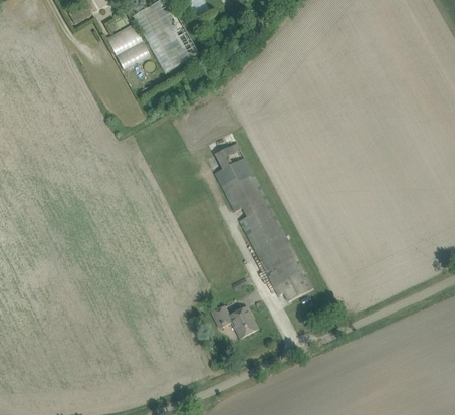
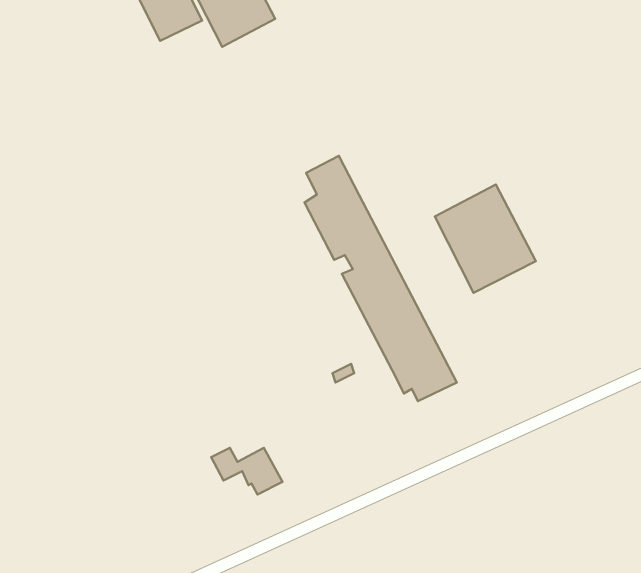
building: none -> [435,184,536,293]
building: [212,306,258,337] -> [211,448,283,494]

